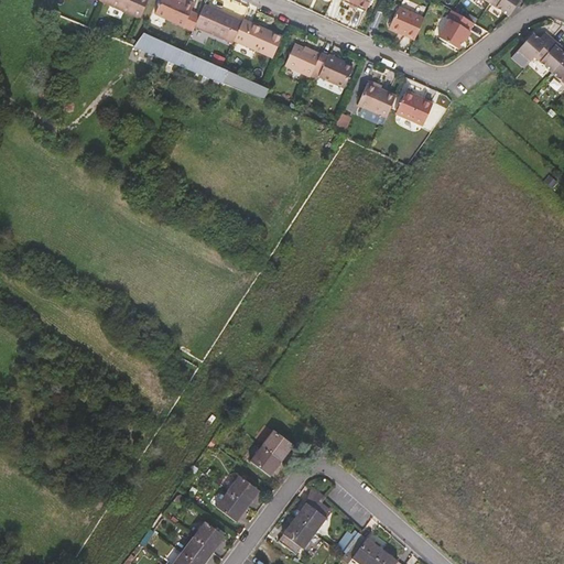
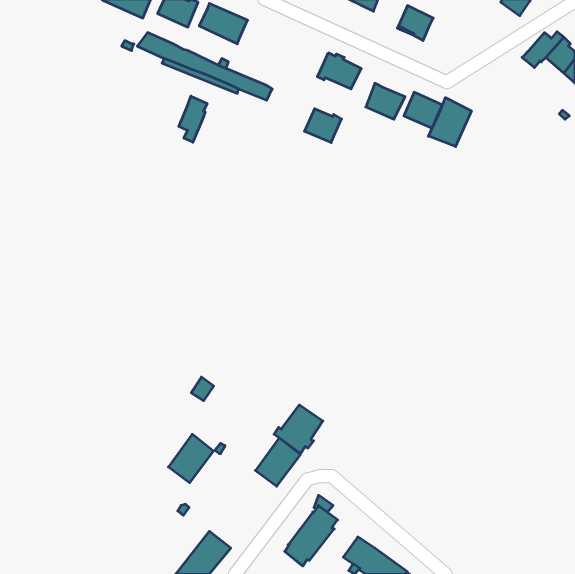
building: [438,9,474,48] -> none
building: [234,18,282,57] -> none
building: [284,43,321,76] -> [304,109,342,143]
building: none -> [179,96,207,142]
building: none -> [428,98,471,147]
building: none -> [274,405,323,453]
building: [216,474,260,521] -> [168,434,213,483]

